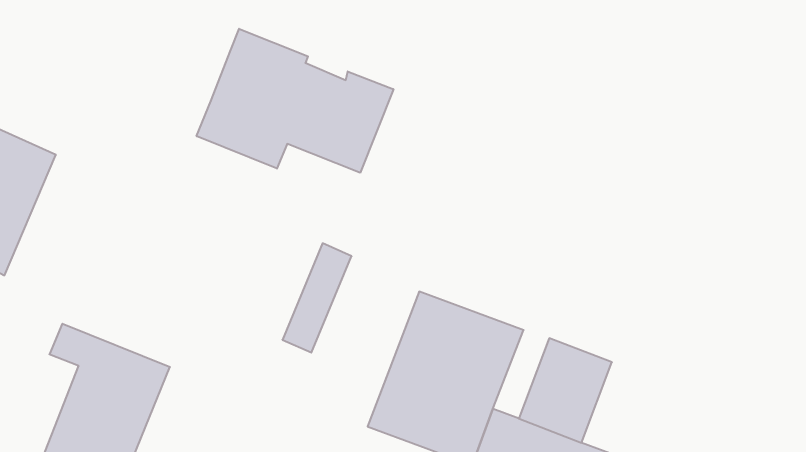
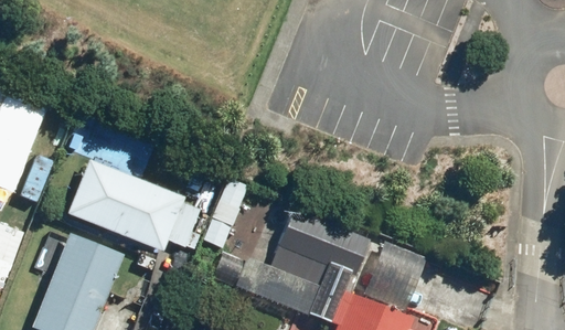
building: [197,29,393,173] -> none
building: none -> [66,158,203,249]

